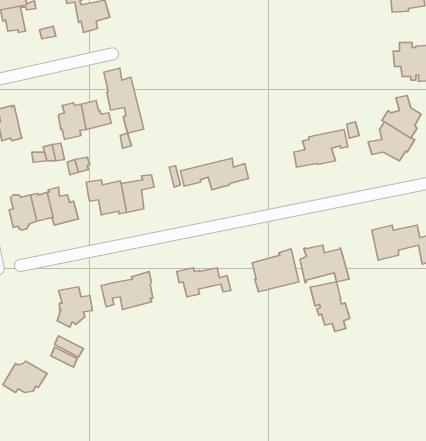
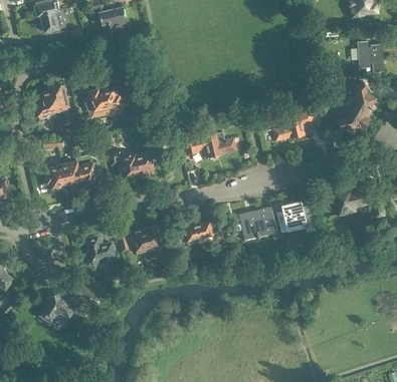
building: [104,68,144,133] -> none
building: none -> [46,86,68,112]
building: [310,282,350,331] -> none

